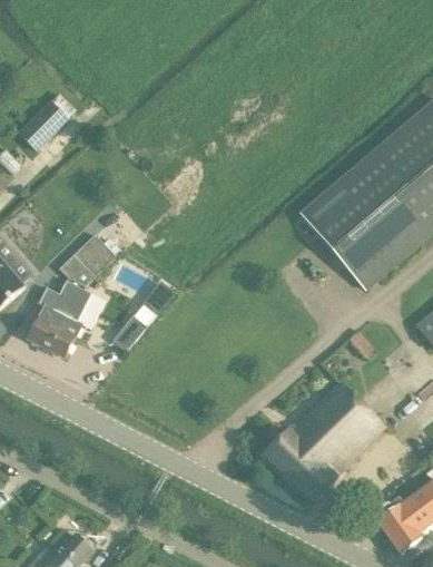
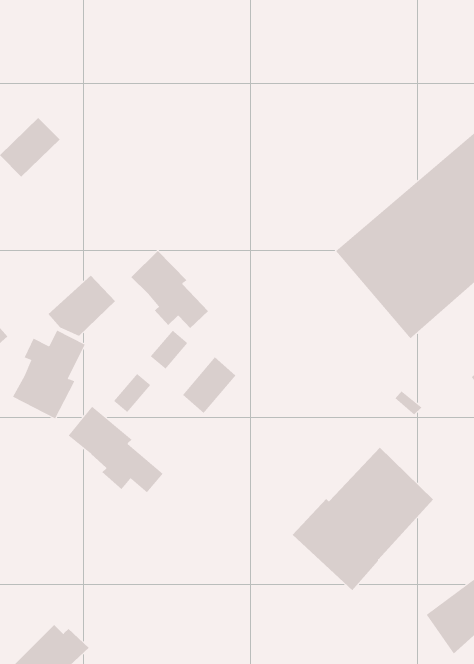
building: none -> [130,250,209,329]
building: none -> [182,357,236,414]
building: none -> [68,406,164,493]

